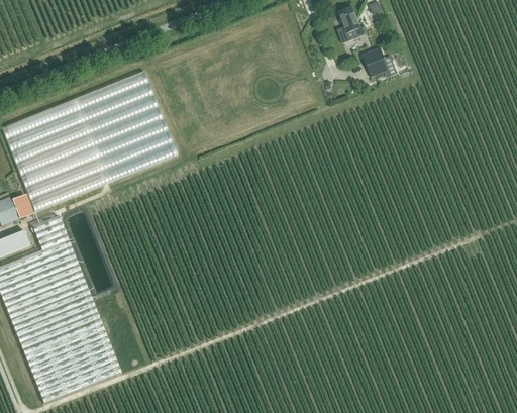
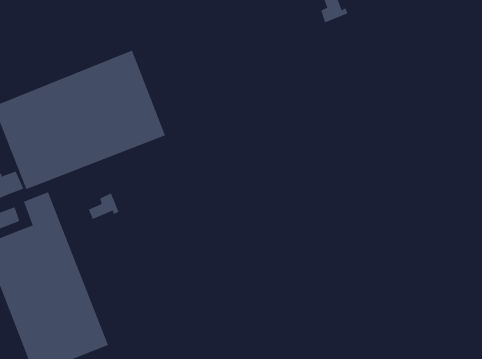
building: [361,45,397,76] -> none
building: none -> [88,192,119,220]

